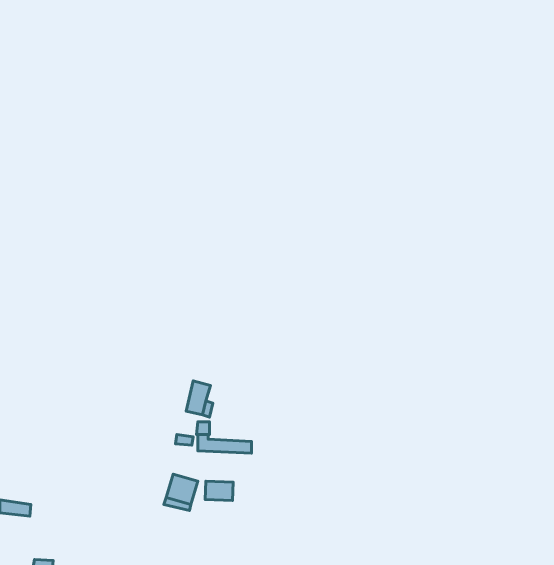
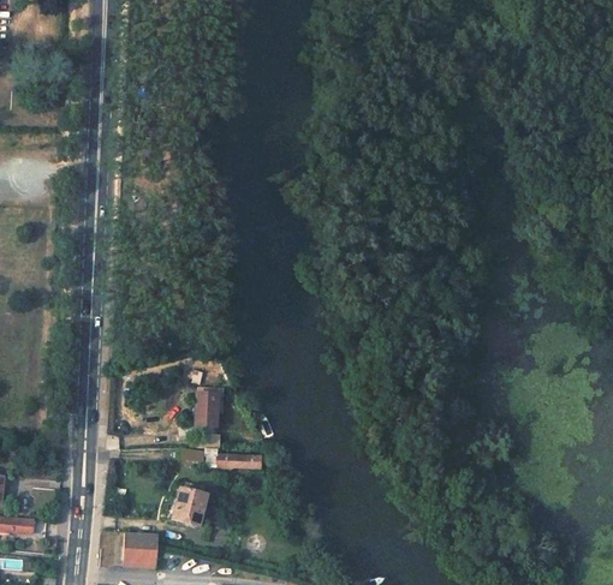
building: [205,481,233,501] -> none
building: none -> [124,532,159,567]

